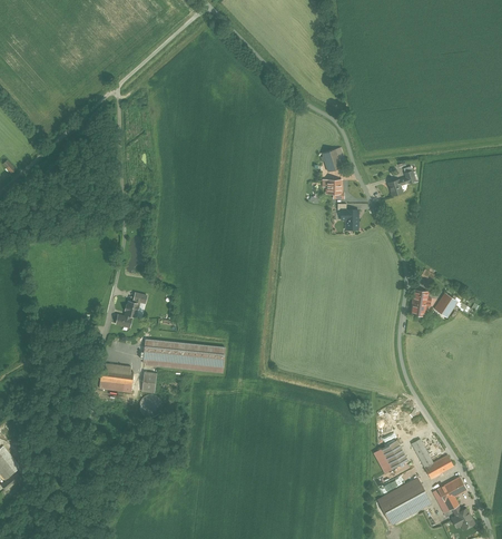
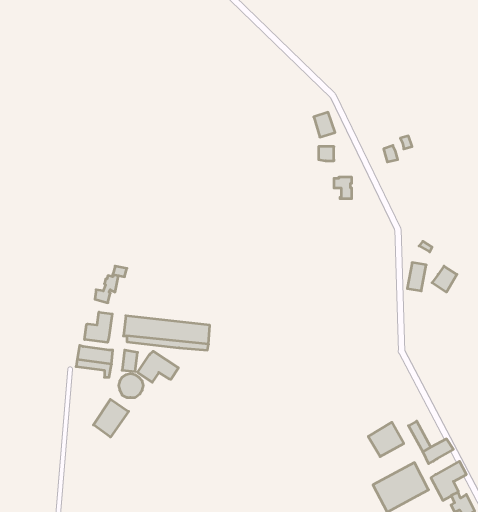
building: none -> [85,312,112,342]
building: none -> [138,351,178,382]
building: none -> [93,399,129,437]

